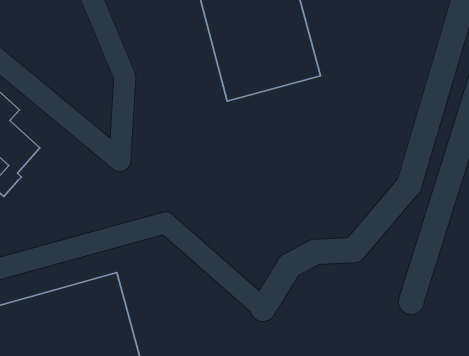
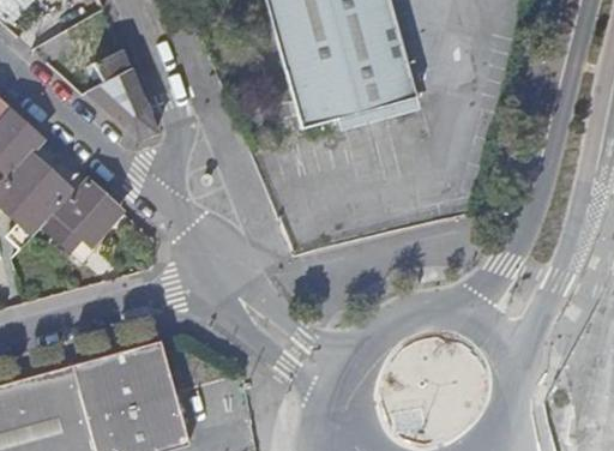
building: none -> [86,48,157,137]
building: none -> [42,176,116,259]

